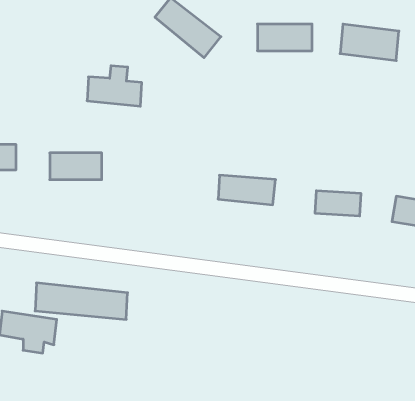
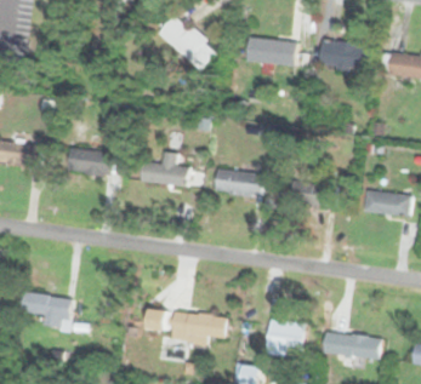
building: [87,66,142,106] -> [142,153,189,188]
building: [35,283,128,319] -> [148,309,228,340]
building: none -> [267,325,306,357]
building: none -> [332,332,380,360]

